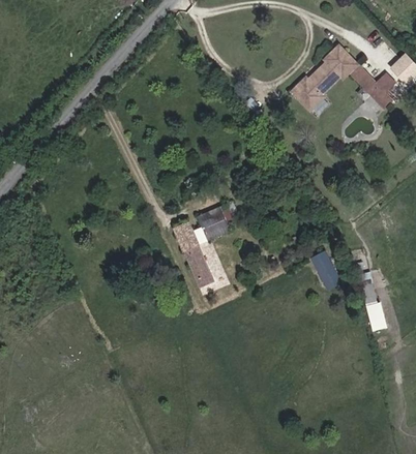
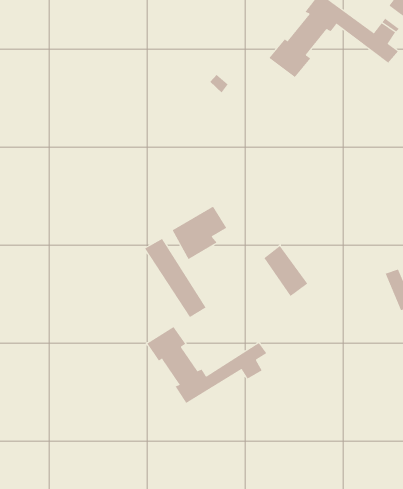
building: [309,248,341,290] -> [264,245,308,297]
building: none -> [146,326,267,404]

